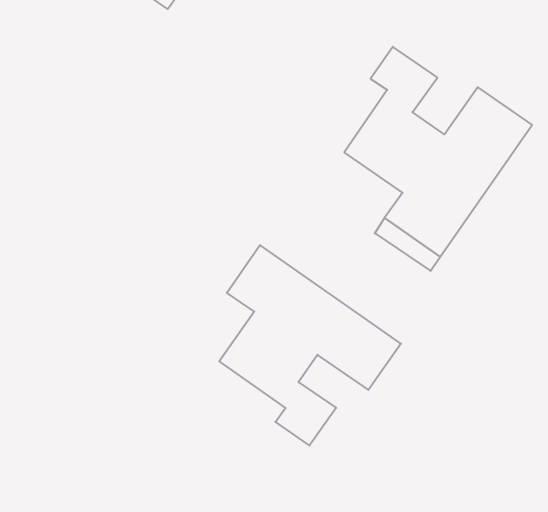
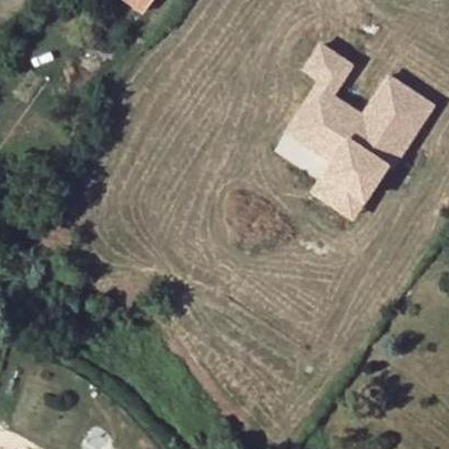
building: [219,245,401,446] -> none

